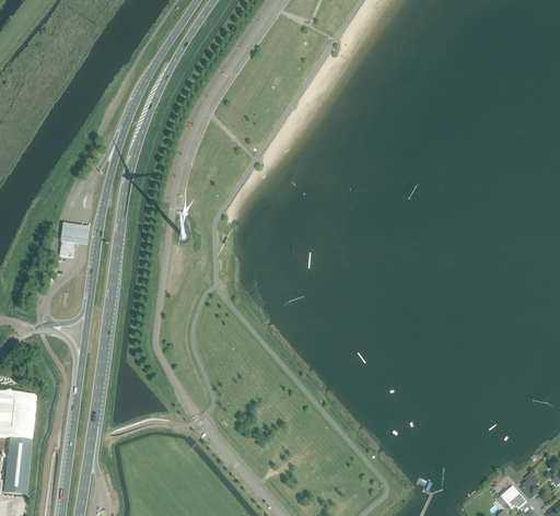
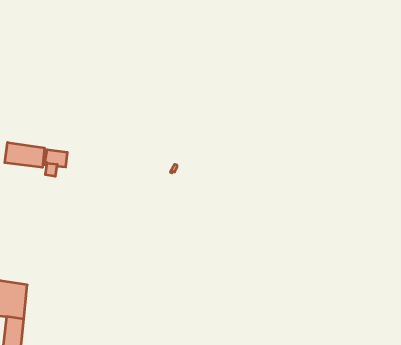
building: none -> [5,142,44,167]

